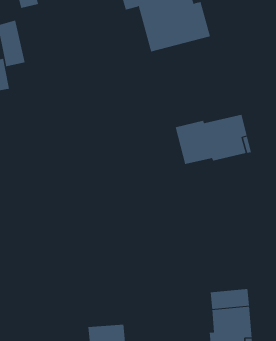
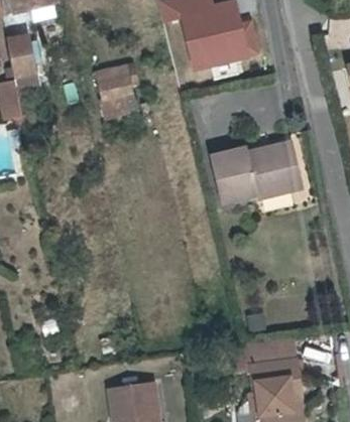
building: none -> [99,77,134,116]

